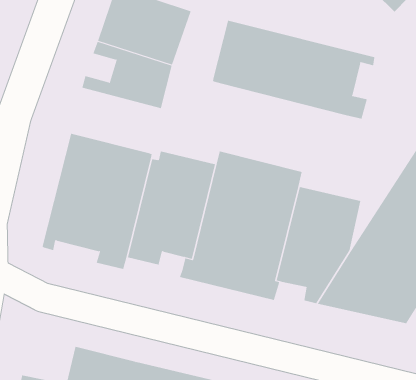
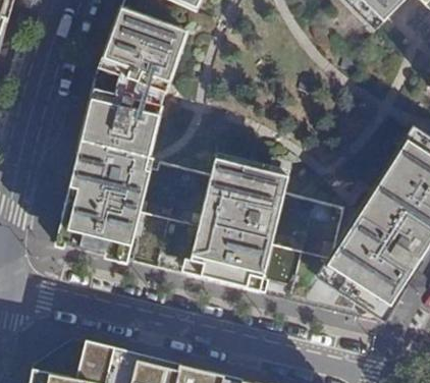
building: [213,20,376,120] -> none
building: none -> [77,103,161,163]

